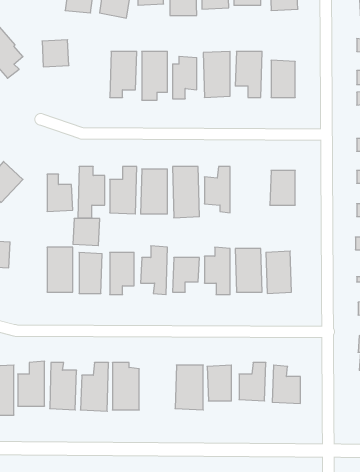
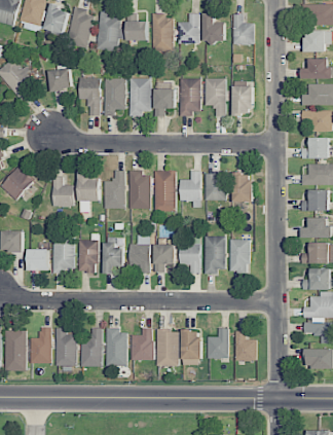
building: none -> [78,78,100,115]
building: none -> [205,173,226,201]
building: [73,219,100,246] -> [28,249,49,270]
building: none -> [132,329,153,360]

